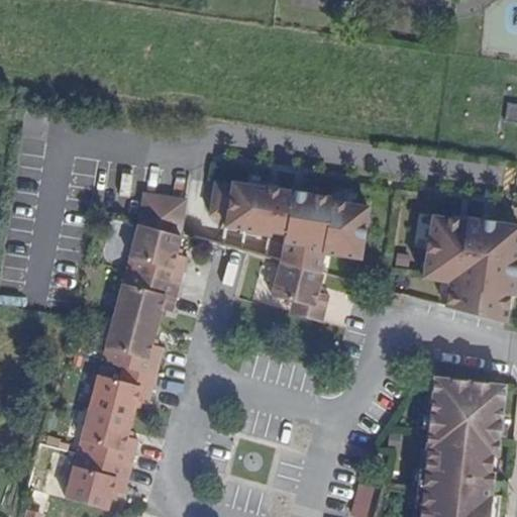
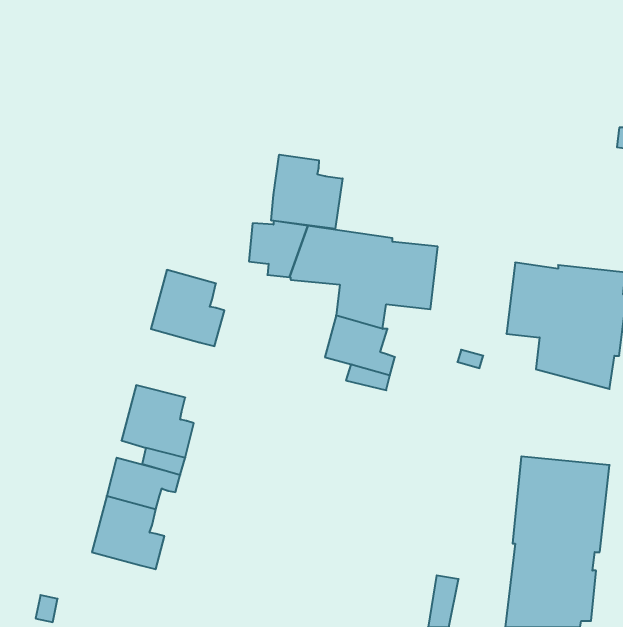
building: none -> [271,155,343,229]
building: [140,192,185,233] -> none
building: [115,271,180,327] -> none
building: [67,454,131,511] -> none

